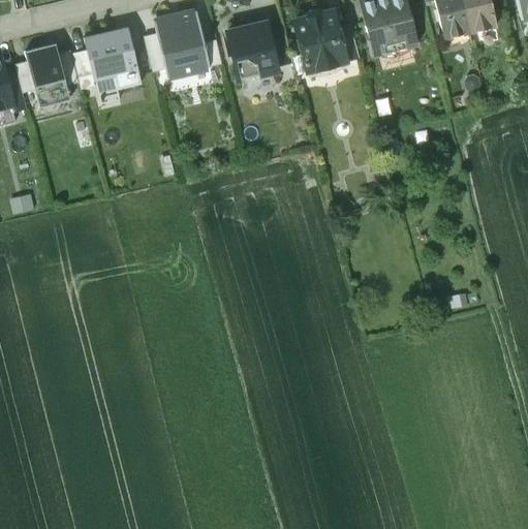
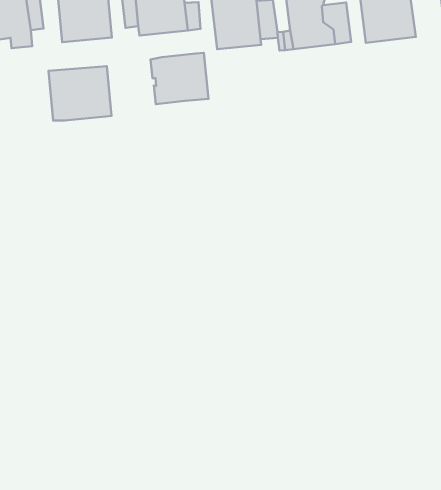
building: none -> [151,53,208,104]
building: none -> [48,66,112,120]

